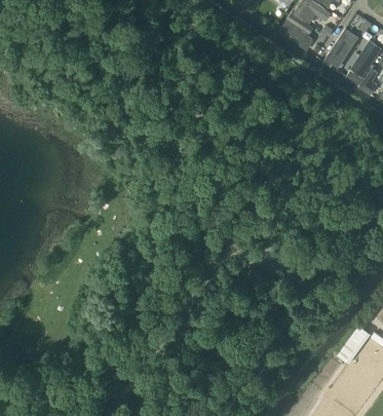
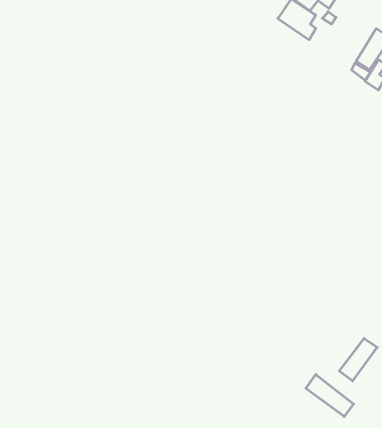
building: [324,29,359,70] -> none
building: none -> [306,374,354,417]

